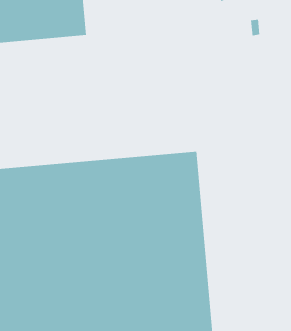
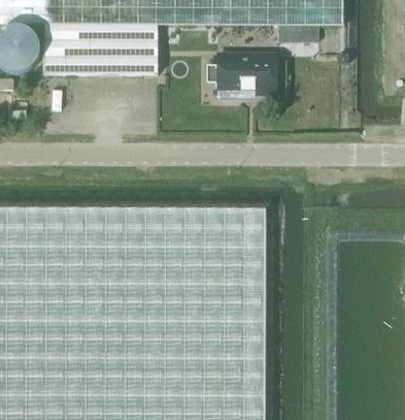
building: none -> [206,53,275,97]

